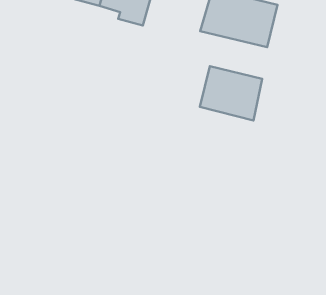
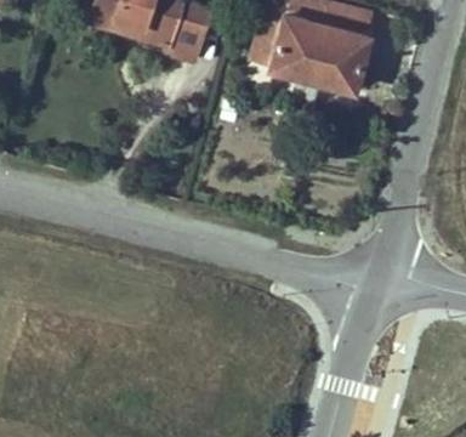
building: [200,66,262,120] -> none

